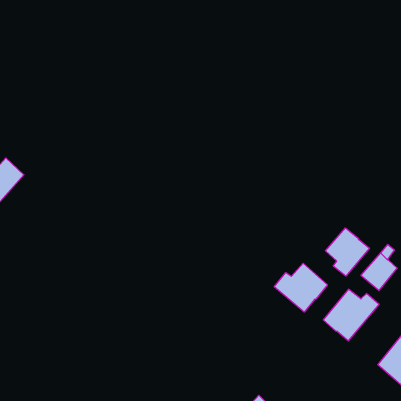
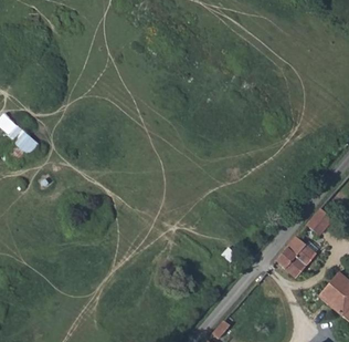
building: [325,228,369,276] -> none
building: [274,263,327,312] -> none

